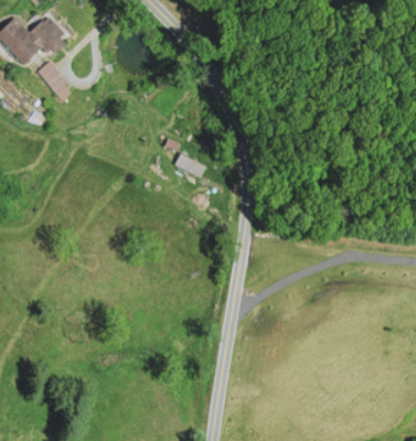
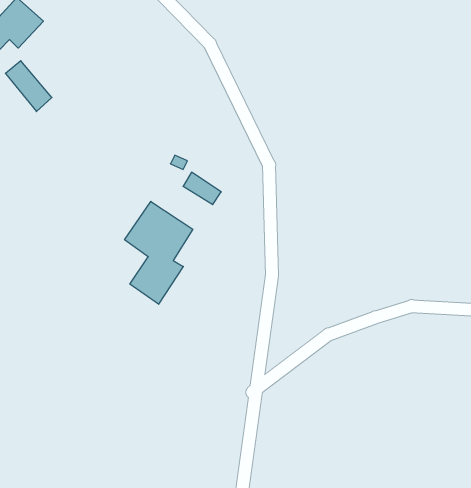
building: none -> [125,201,193,304]

